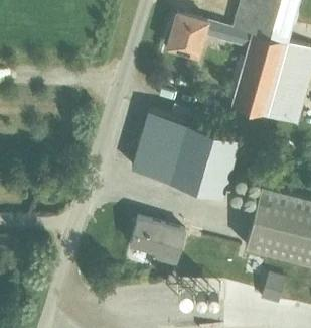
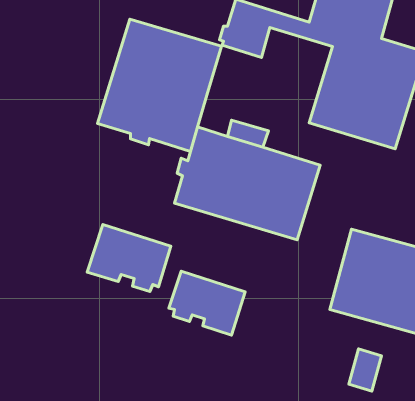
building: none -> [97,19,221,152]
building: none -> [87,225,171,292]

